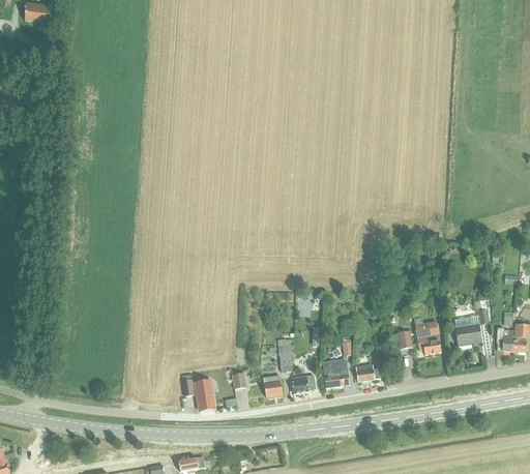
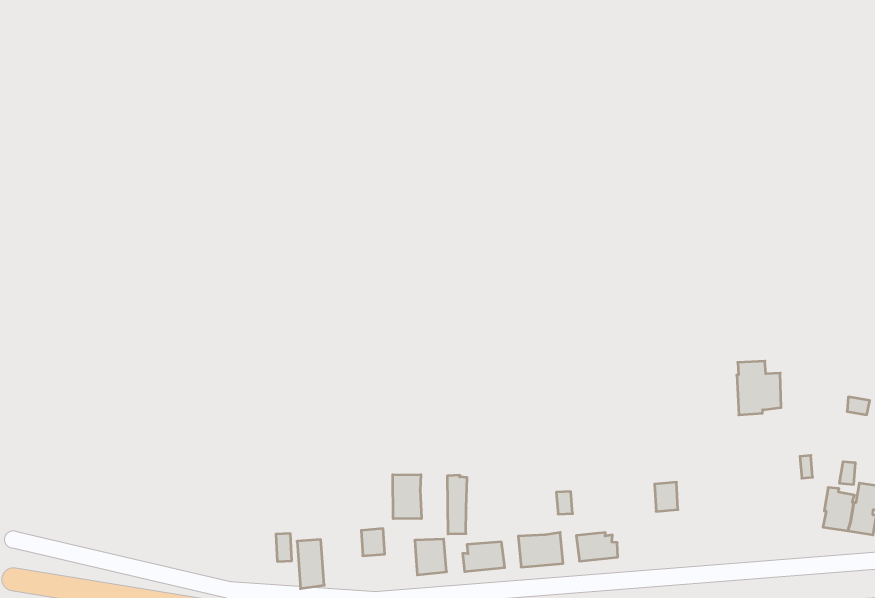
building: [454,317,481,349] -> [737,361,781,415]
building: [414,321,441,354] -> none
building: none -> [393,475,421,519]

